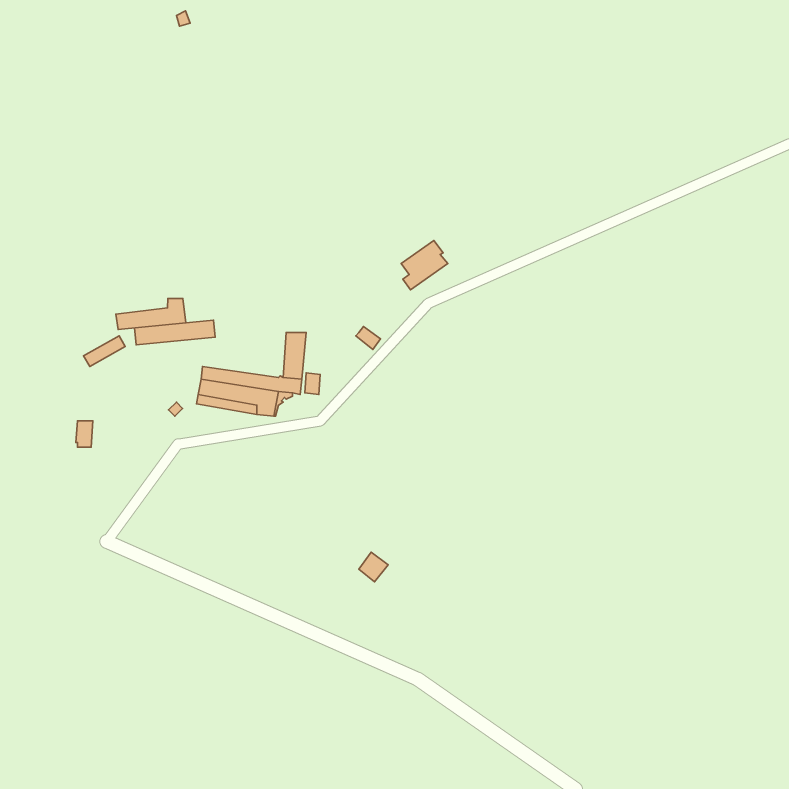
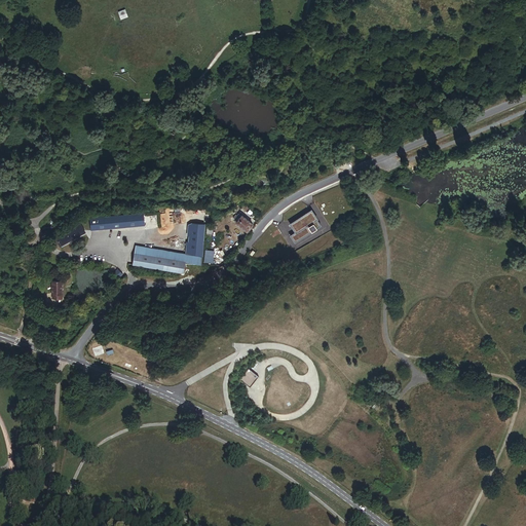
building: [401,240,448,290] -> [290,211,321,243]
building: [116,298,186,330] -> none

